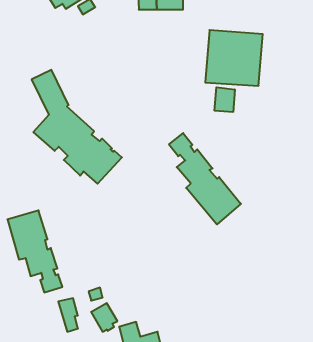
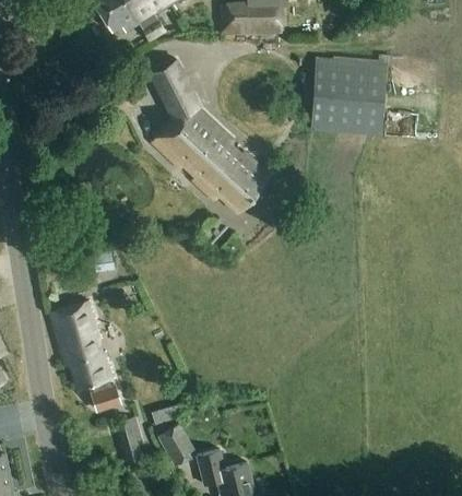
building: [32,70,122,184] -> [151,60,271,212]
building: [215,87,235,112] -> none
building: [169,133,241,224] -> none

